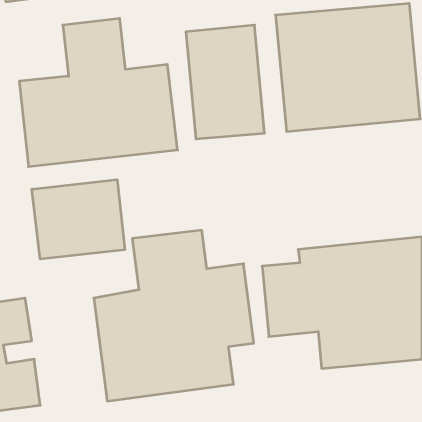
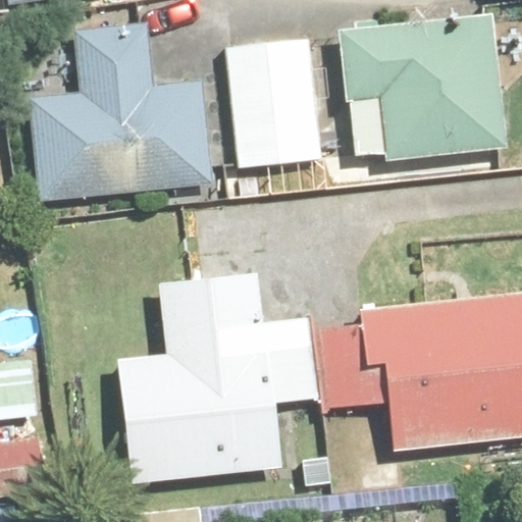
building: [32,180,125,259] -> none

